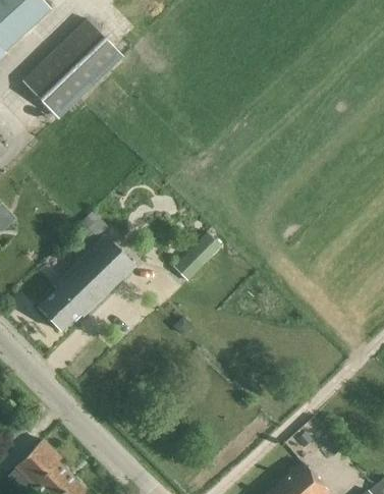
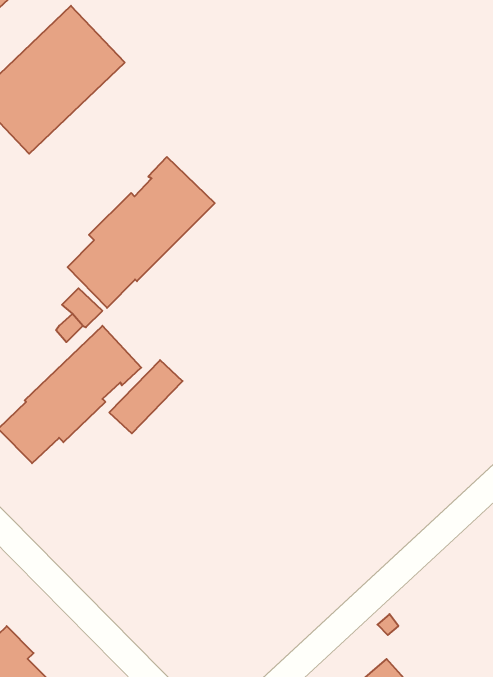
building: none -> [68,157,215,308]
building: [171,231,221,281] -> [109,360,183,433]

